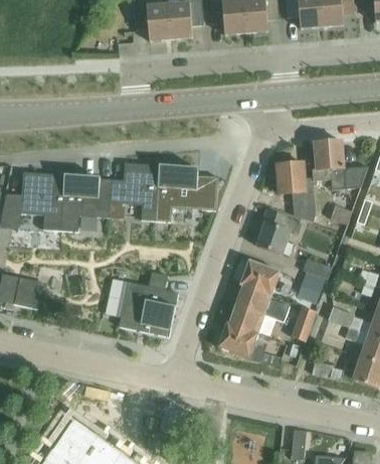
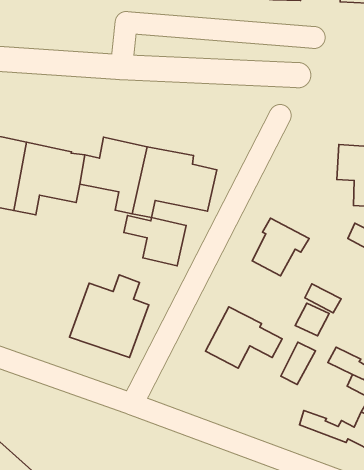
building: [276,162,315,221] -> none
building: none -> [124,215,186,266]
building: [238,259,279,295] -> none
building: [216,321,256,358] -> none

